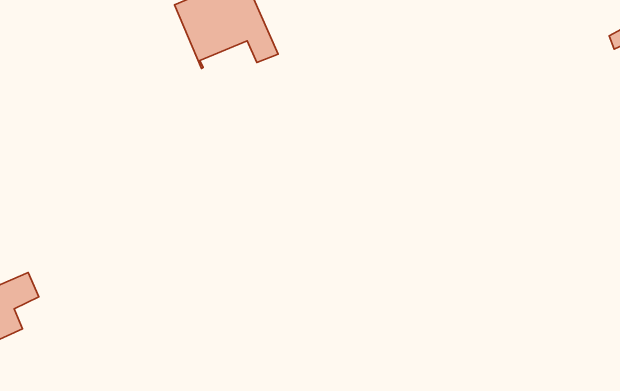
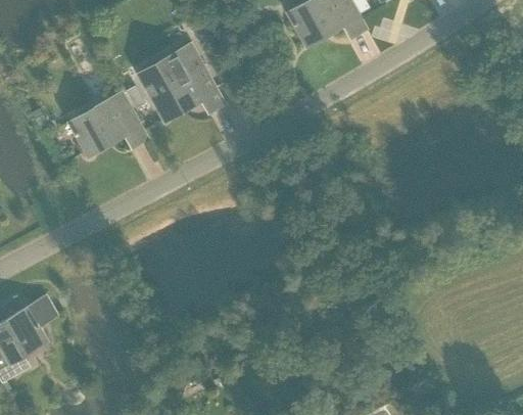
building: none -> [68,93,146,156]

